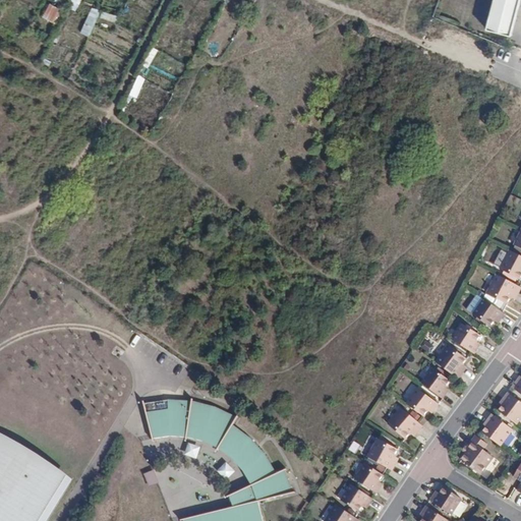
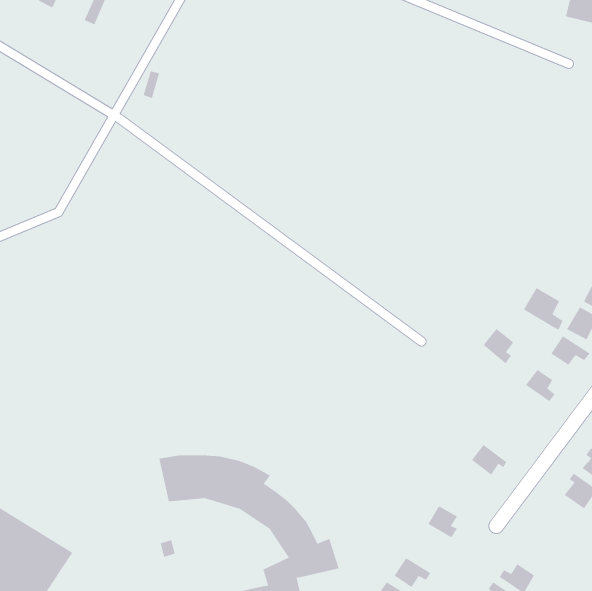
building: none -> [523,287,563,331]
building: [436,347,462,378] -> [483,328,514,364]
building: [419,366,446,398] -> none
building: [387,406,416,437] -> none
building: [465,444,494,473] -> none
building: [354,463,380,491] -> none

